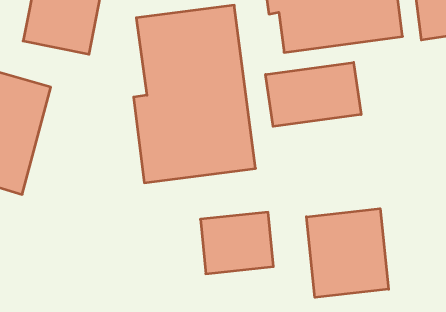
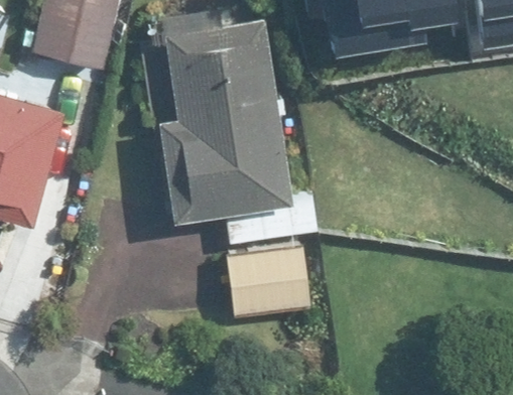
building: [266,62,361,126] -> none
building: [306,209,389,297] -> none

